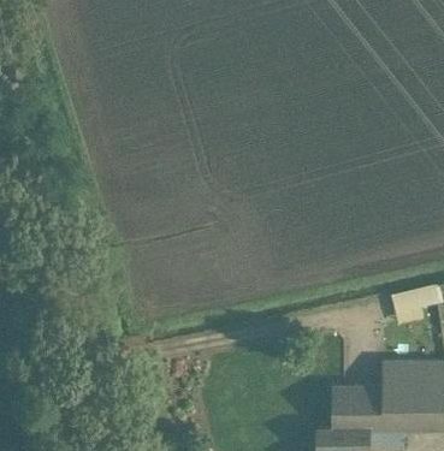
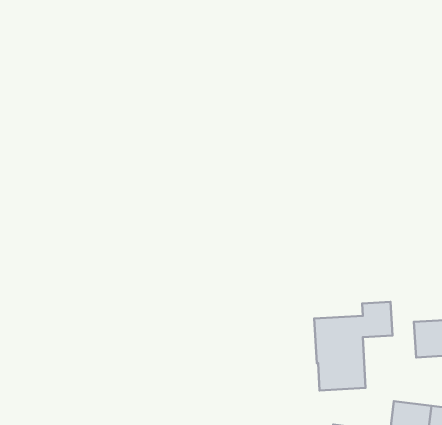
building: none -> [314,302,392,391]

